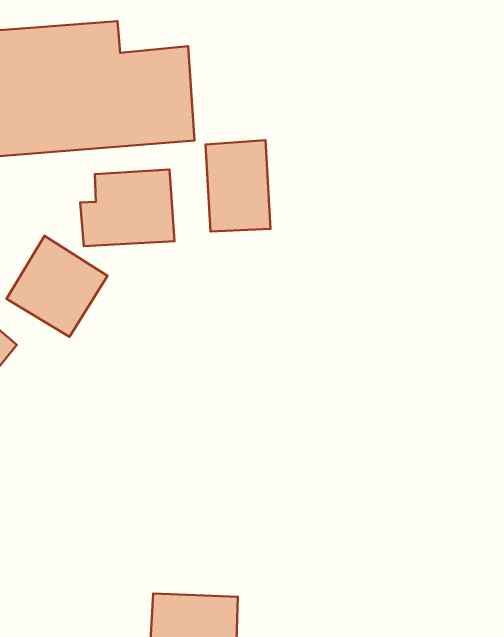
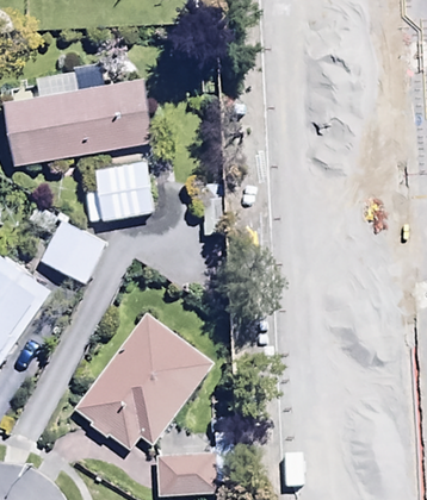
building: [206,140,271,232] -> none
building: none -> [74,314,215,452]

